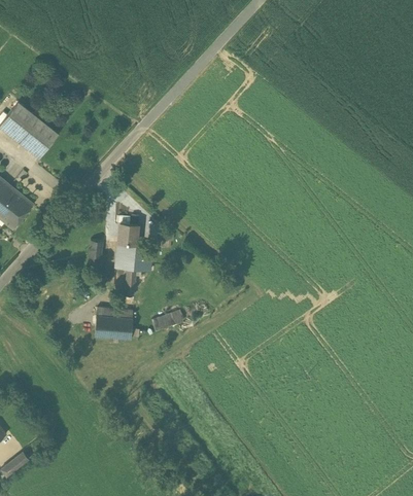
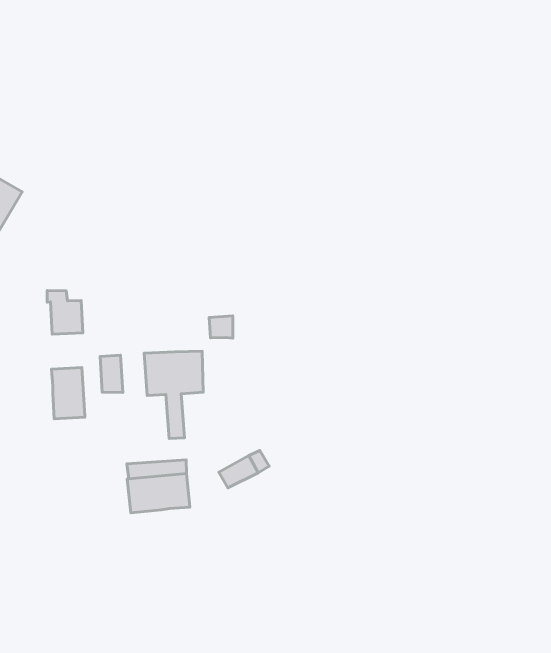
building: [117,215,138,244] -> [47,290,83,334]
building: none -> [51,368,85,419]

